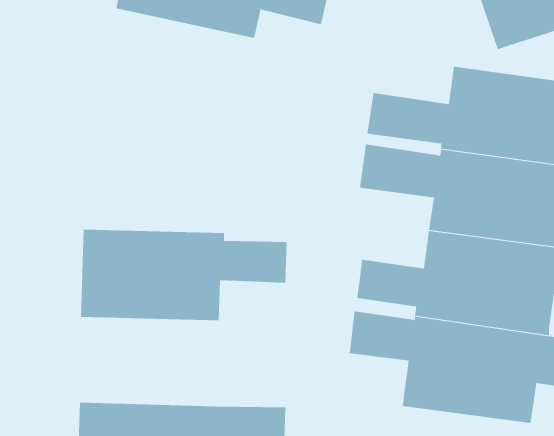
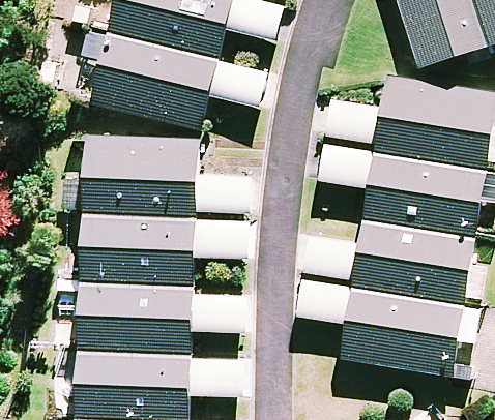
building: none -> [89,30,262,127]
building: none -> [63,134,249,215]
building: none -> [76,284,250,358]

